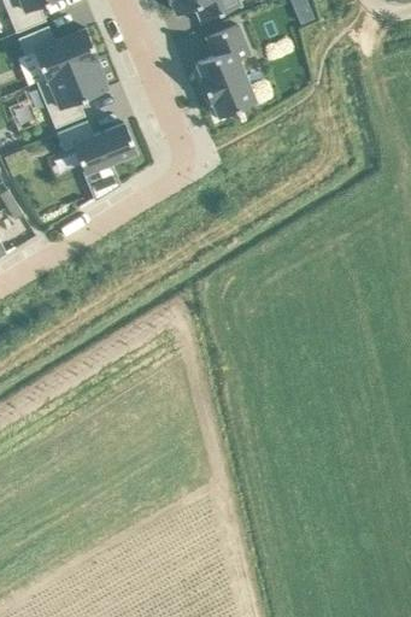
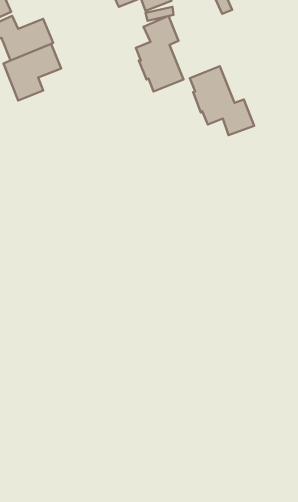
building: none -> [190,66,254,135]
building: [57,121,135,190] -> none

